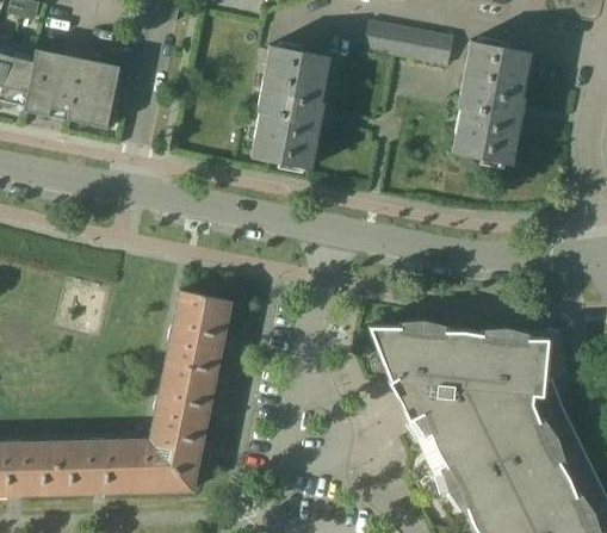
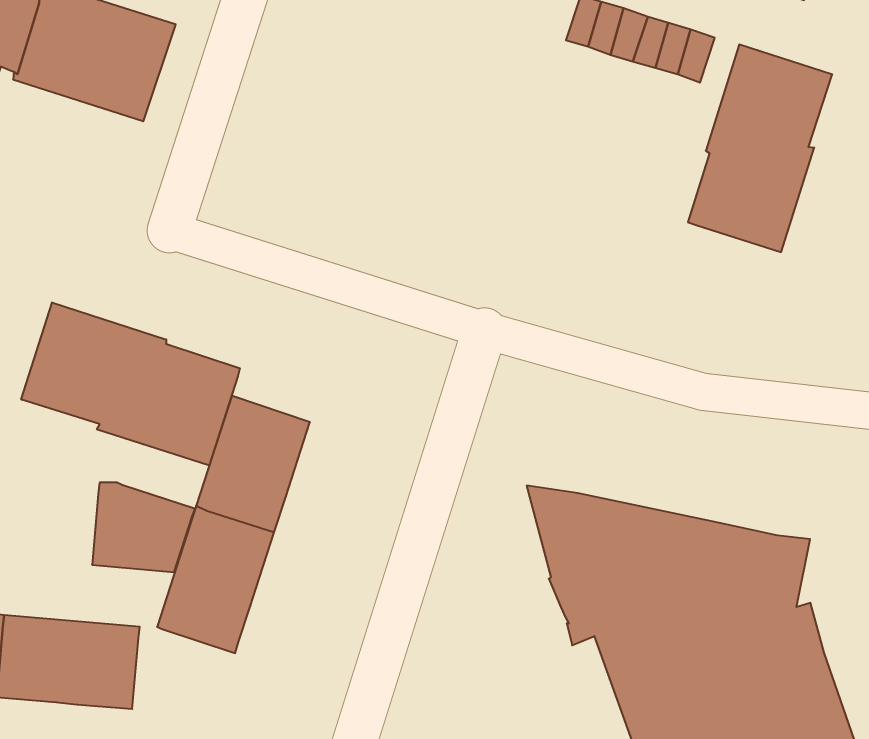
building: [252,43,329,167] -> none
building: none -> [21,302,240,466]
building: [141,439,202,491] -> [92,483,195,572]

